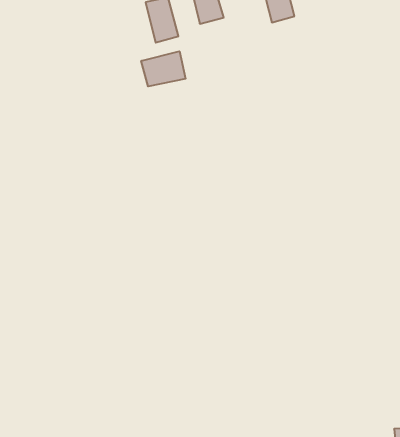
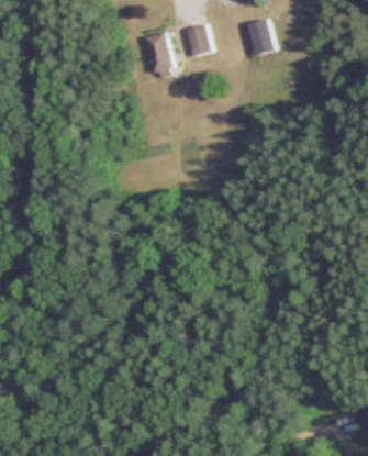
building: [141,51,186,86] -> none

